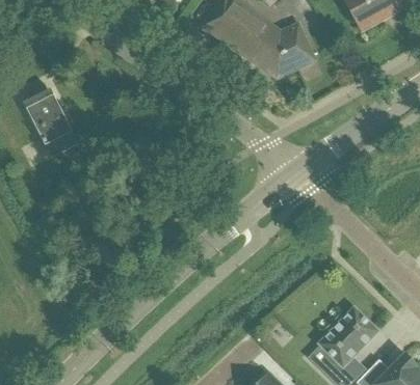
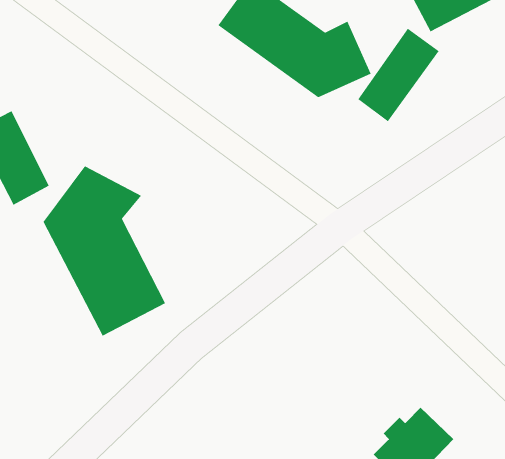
building: none -> [357,28,439,122]
building: none -> [43,166,166,337]

